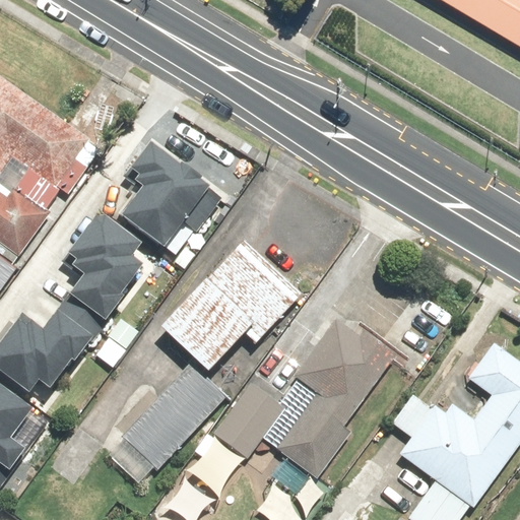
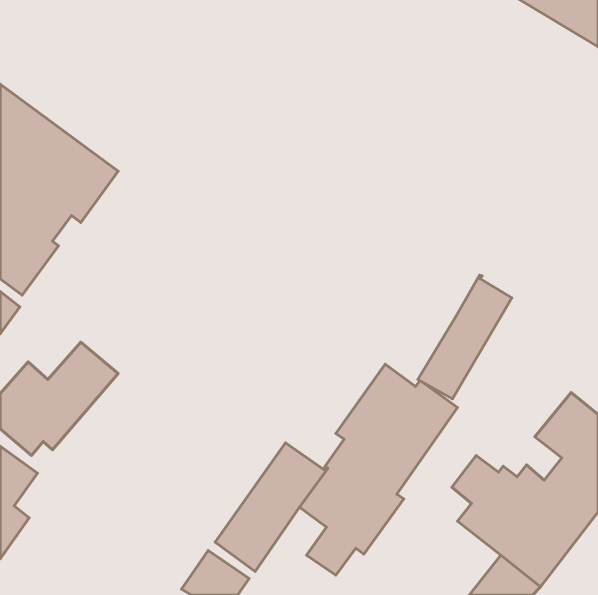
building: [118,141,223,248] -> none
building: [65,210,145,319] -> none
building: none -> [418,275,512,399]
building: [159,241,302,373] -> none
building: [113,380,224,483] -> none

